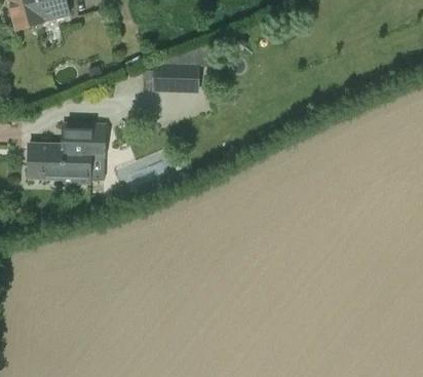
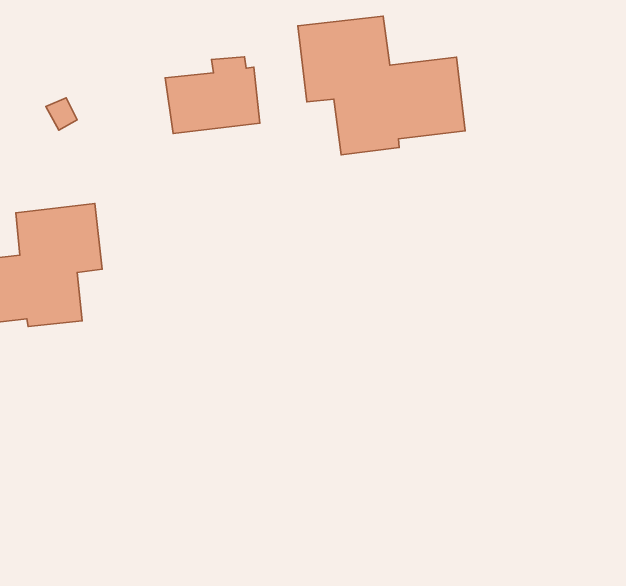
building: none -> [298,16,465,155]

